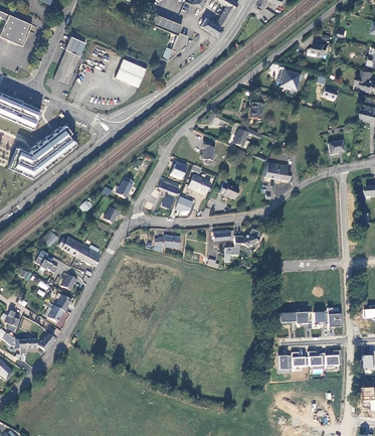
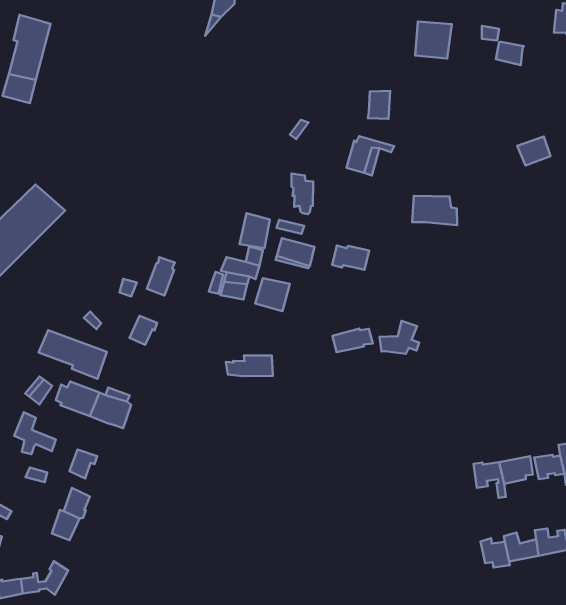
building: [114,58,146,87] -> none
building: none -> [38,330,107,379]

